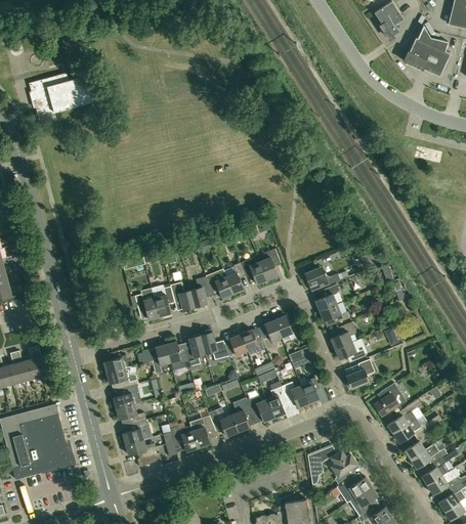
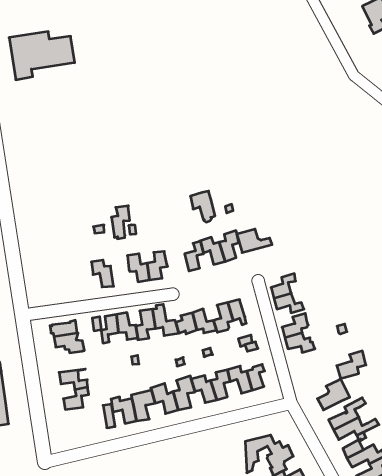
building: [304,266,340,291] -> [237,229,272,253]
building: [206,269,232,300] -> [190,191,215,222]
building: [155,283,173,317] -> [111,206,130,239]
building: [346,358,375,388] -> [337,351,366,379]
building: [113,384,141,407] -> none
building: [126,439,161,466] -> none

